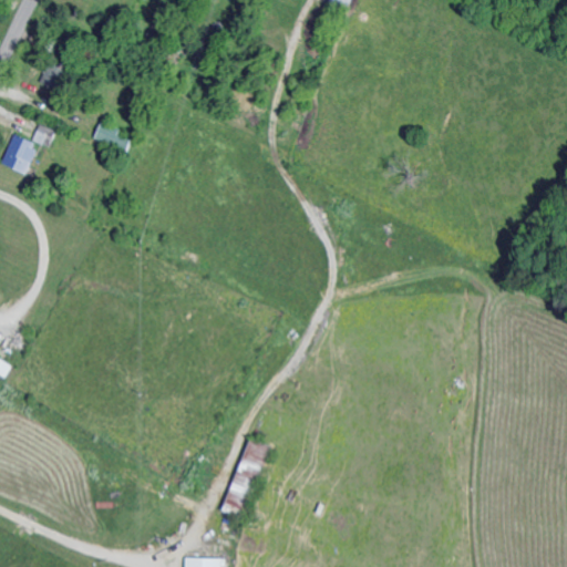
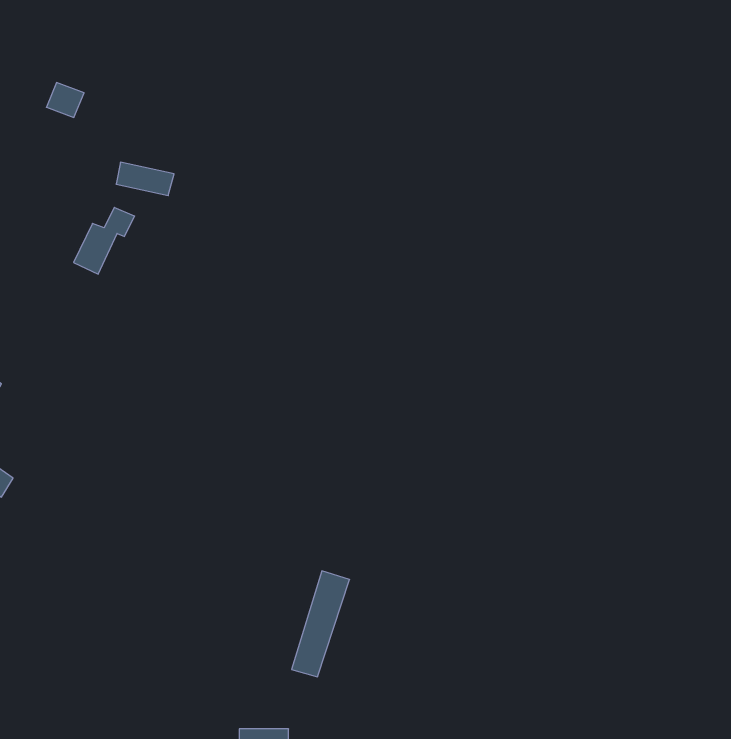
building: [6,124,52,175] -> [74,207,135,274]

